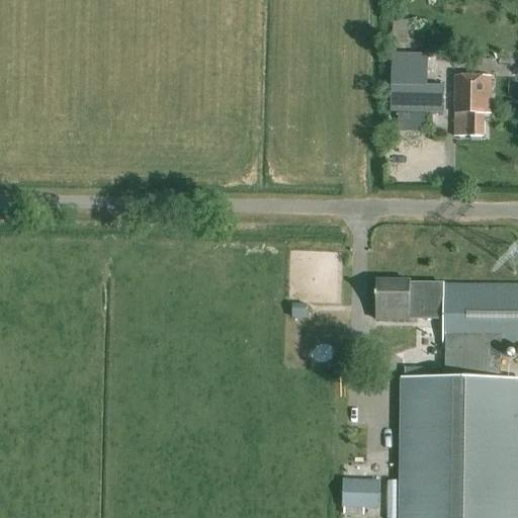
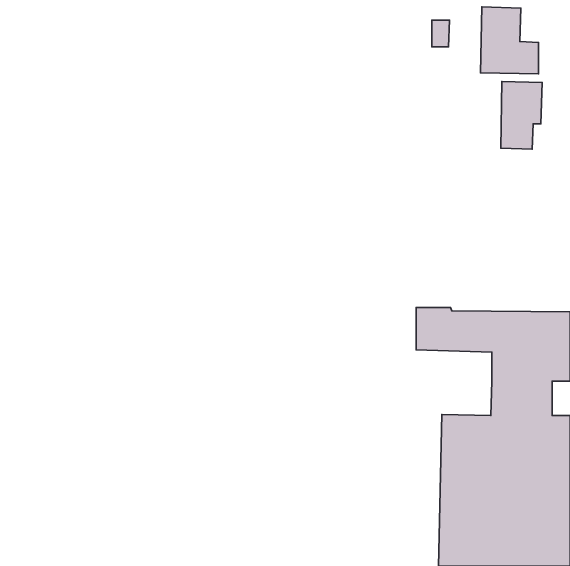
building: [390,53,442,113] -> [481,7,539,74]
building: [342,480,378,510] -> none

